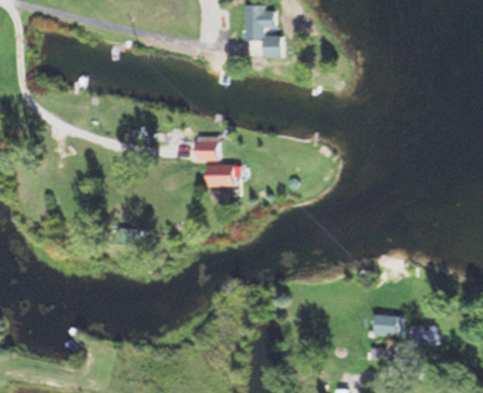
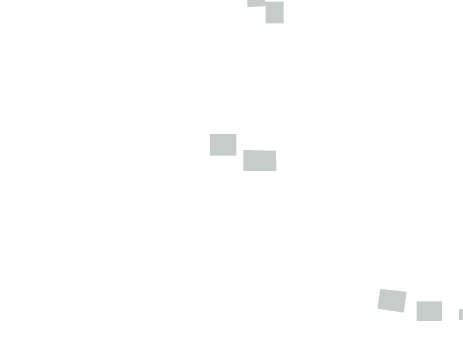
building: [196,137,219,160] -> none
building: none -> [243,149,277,172]

